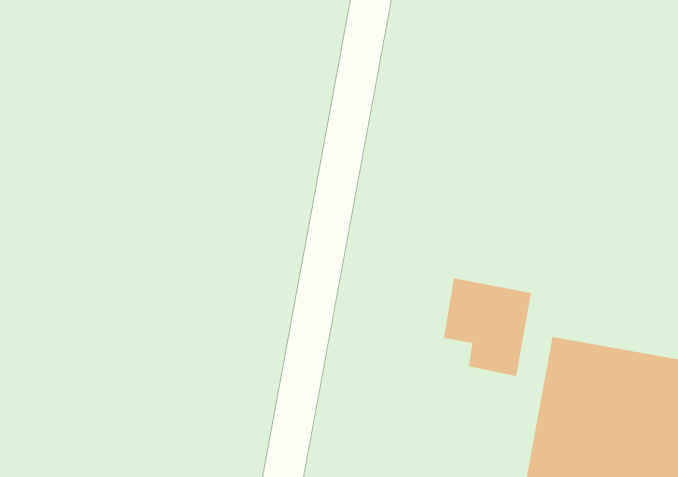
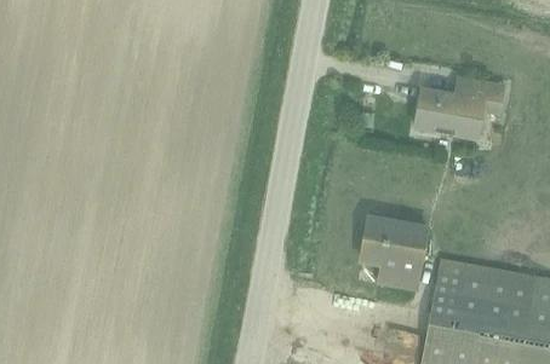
building: none -> [416,79,504,139]

